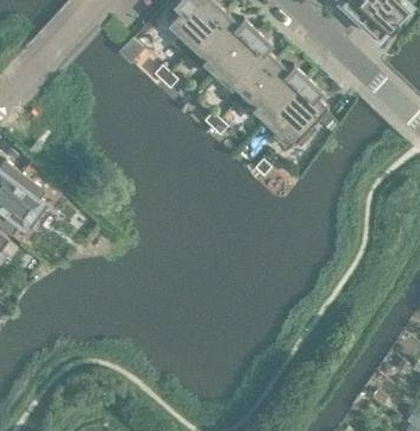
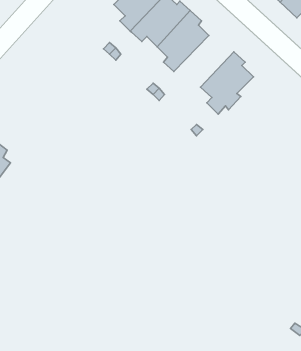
building: [236,58,305,118] -> none

